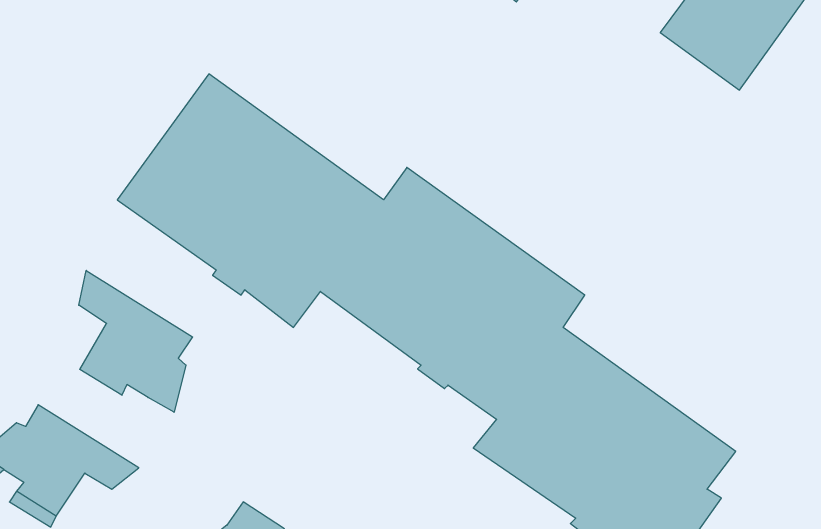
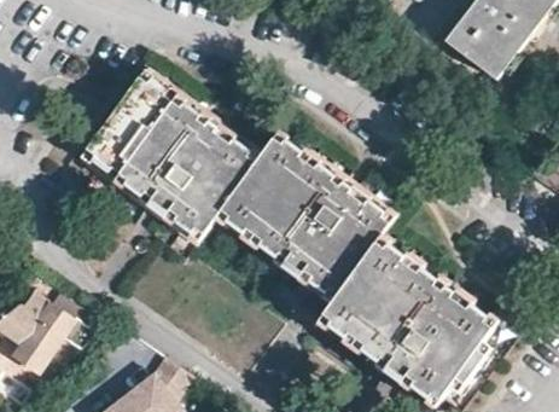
building: [79,270,193,412] -> none

